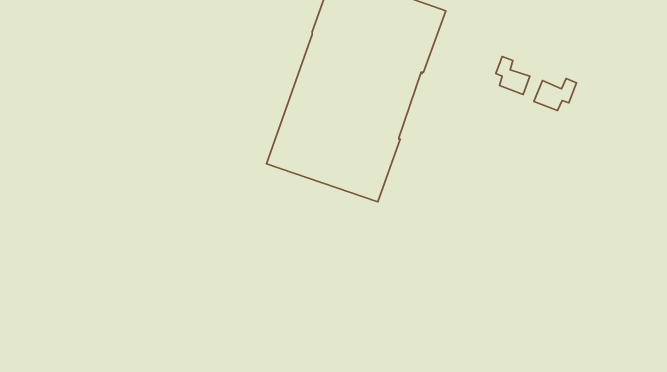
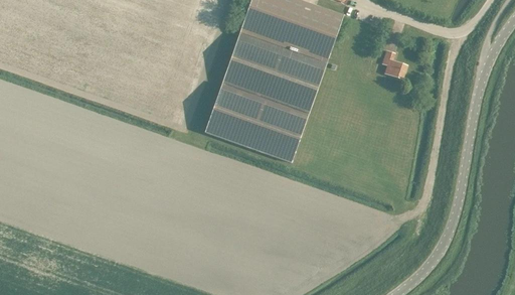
building: [534,79,577,111] -> none

